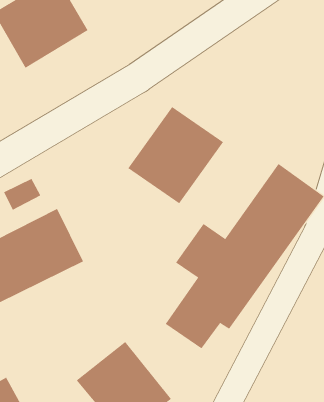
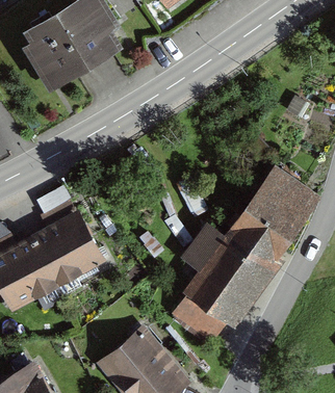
building: [128,106,224,204] -> none

